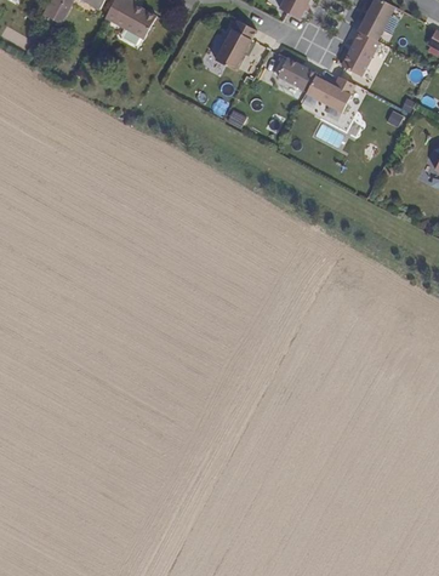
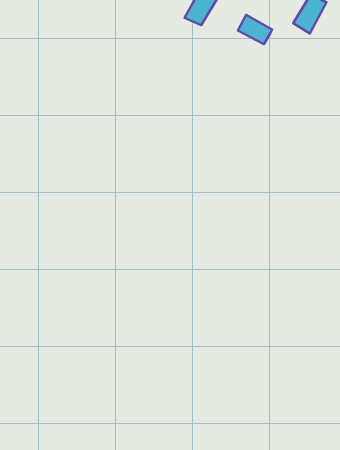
building: [304,78,353,115] -> none

